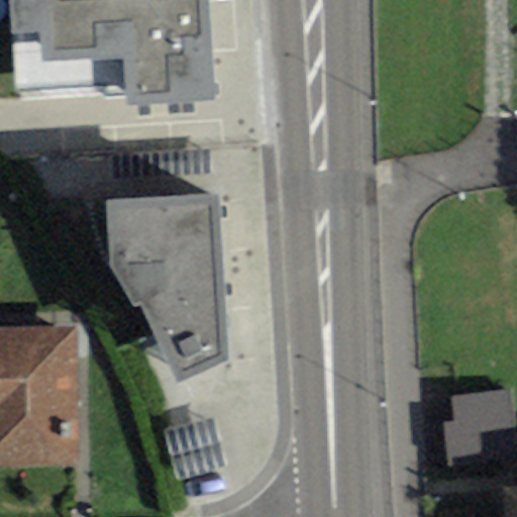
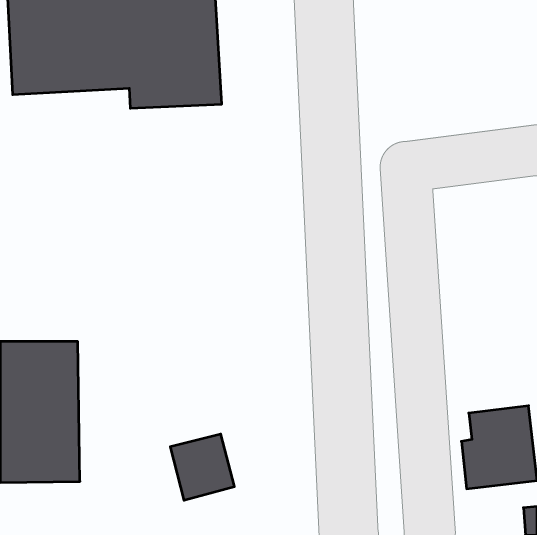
building: [106,193,227,382] -> none

